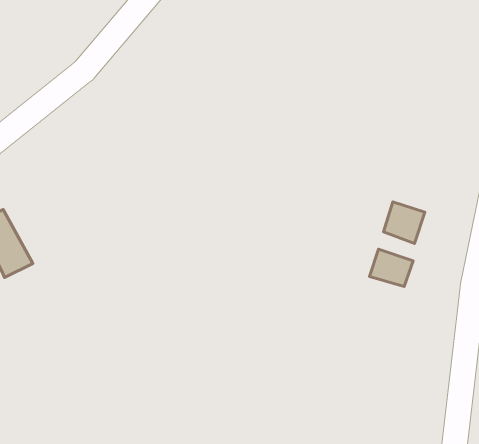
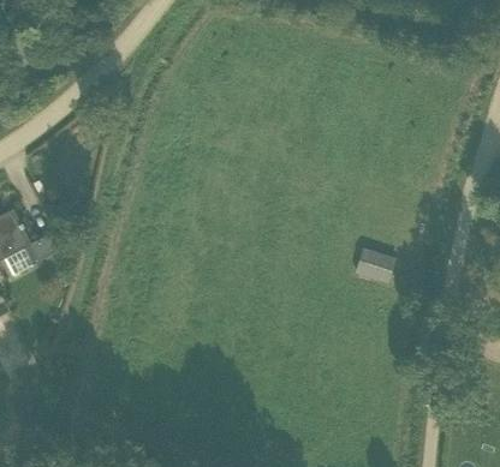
building: [383,202,425,244] -> none

